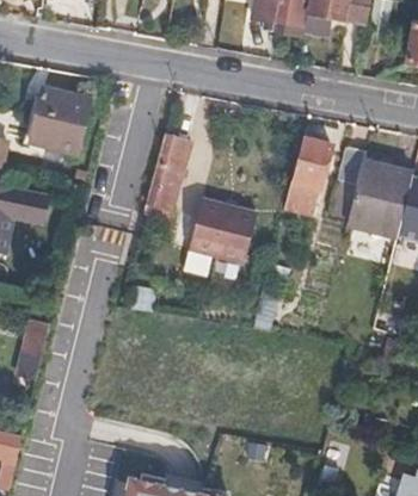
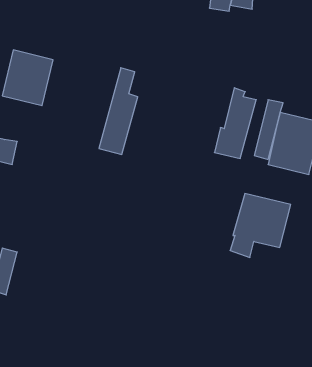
building: [184,200,257,277] -> [230,194,291,257]

